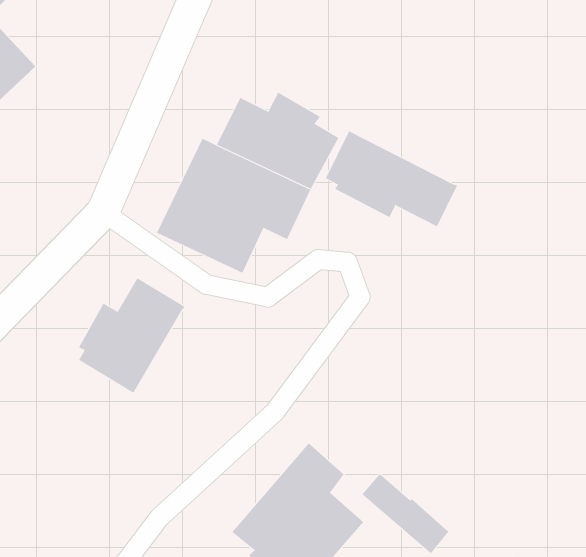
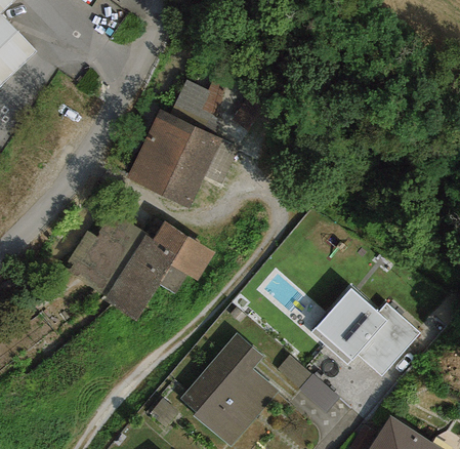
building: [325,131,458,227] -> none
building: none -> [106,221,217,319]
building: none -> [311,288,420,375]

